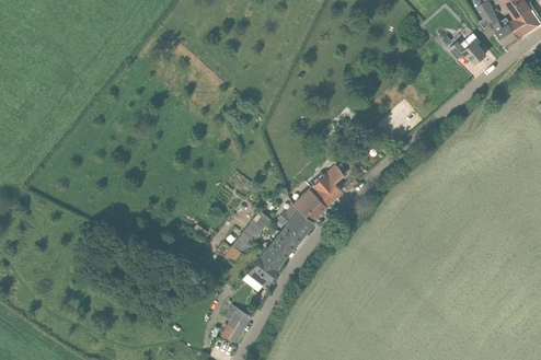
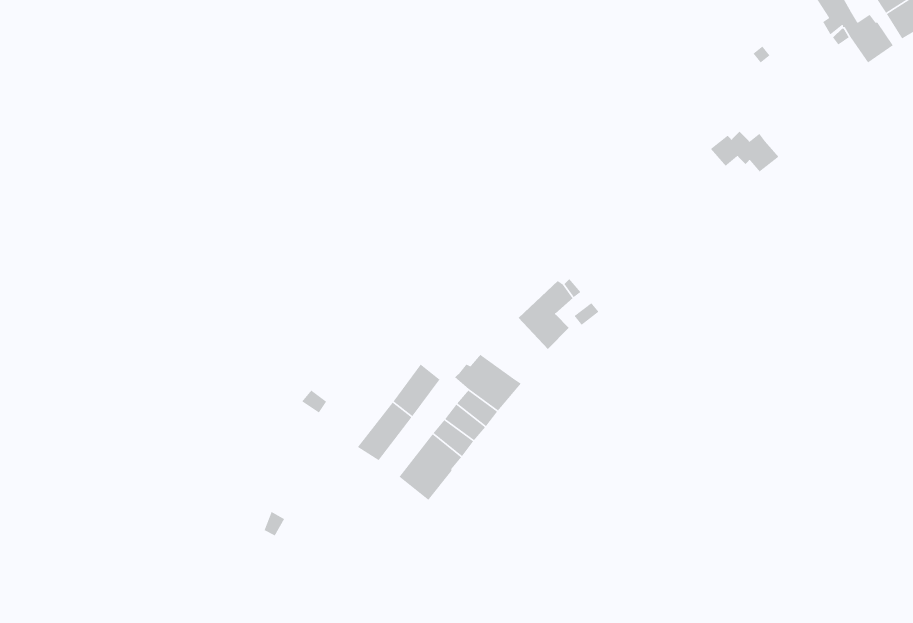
building: [449,40,487,63] -> [710,131,779,173]
building: [292,186,330,220] -> none
building: [221,306,252,344] -> none

